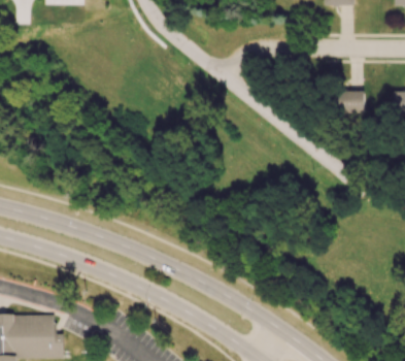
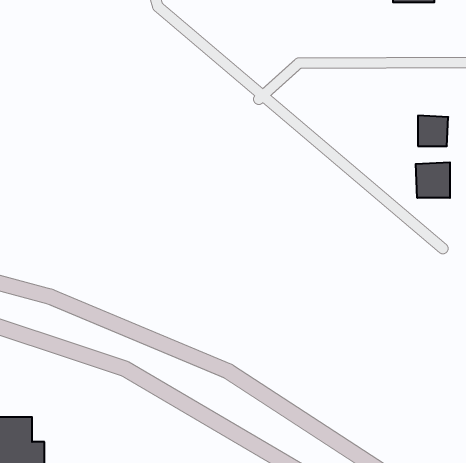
building: none -> [416,162,450,198]

